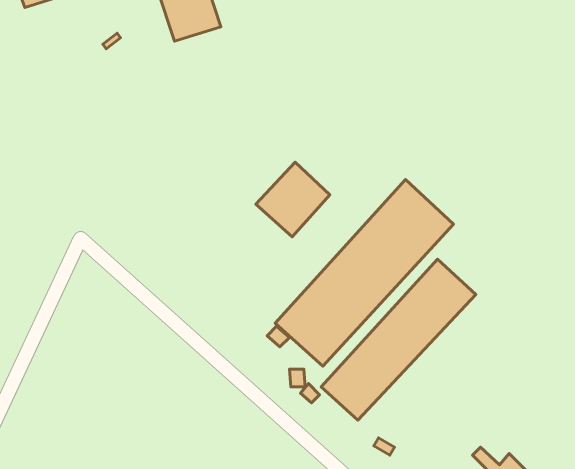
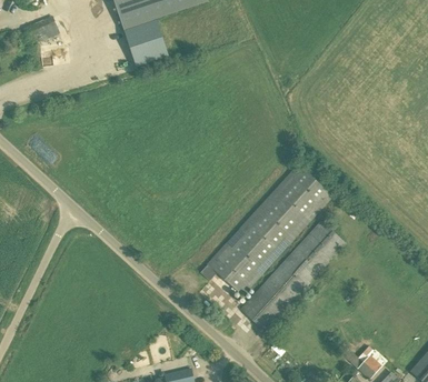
building: [256,162,330,237] -> none

